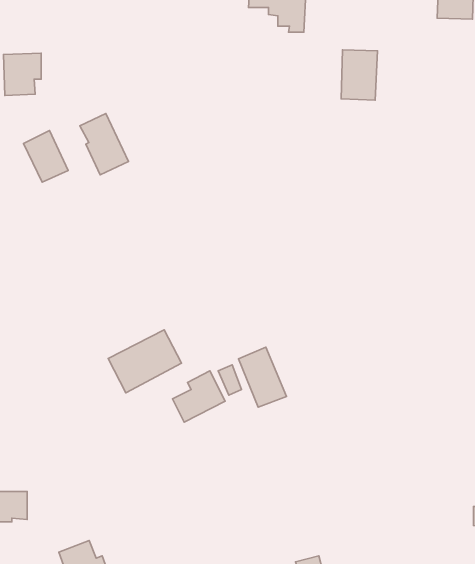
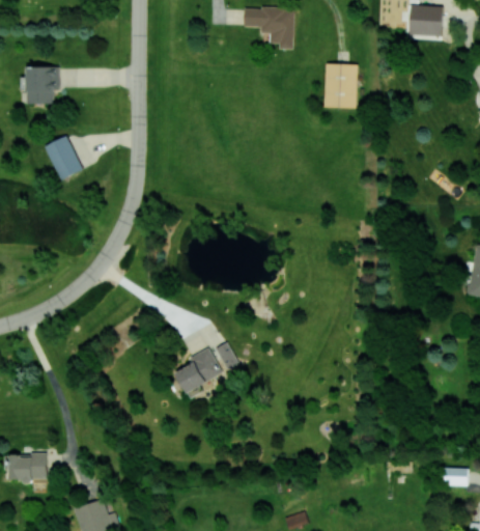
building: [80,113,128,175] -> none
building: [108,330,181,393] -> none
building: [239,347,286,407] -> none

